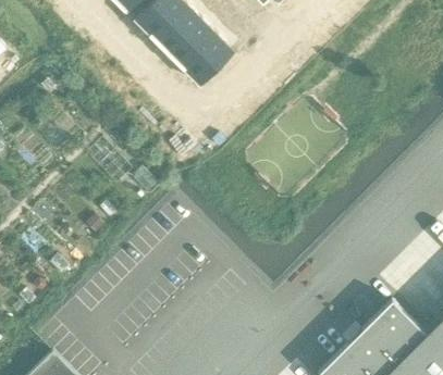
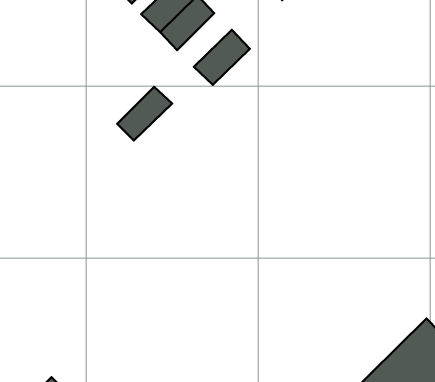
building: [168,18,218,67] -> [117,87,172,140]

